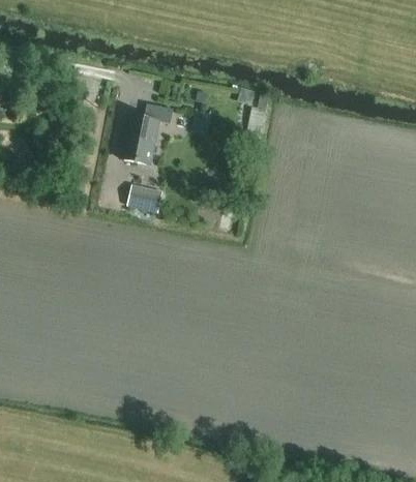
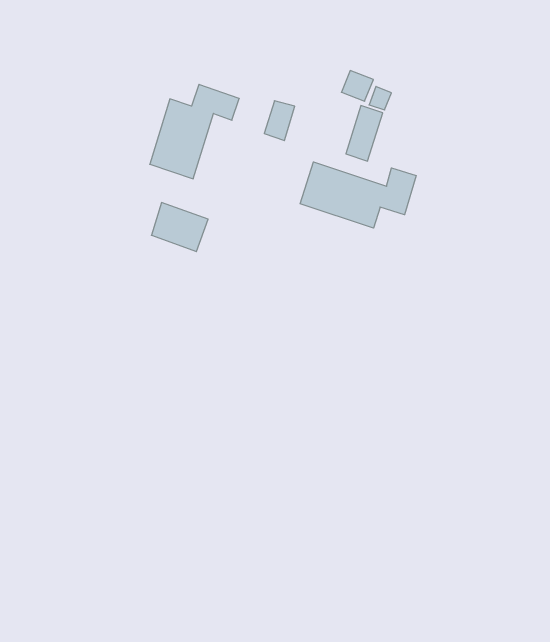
building: none -> [300,162,416,228]

